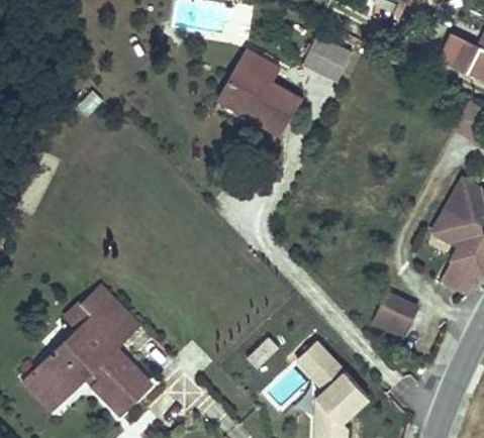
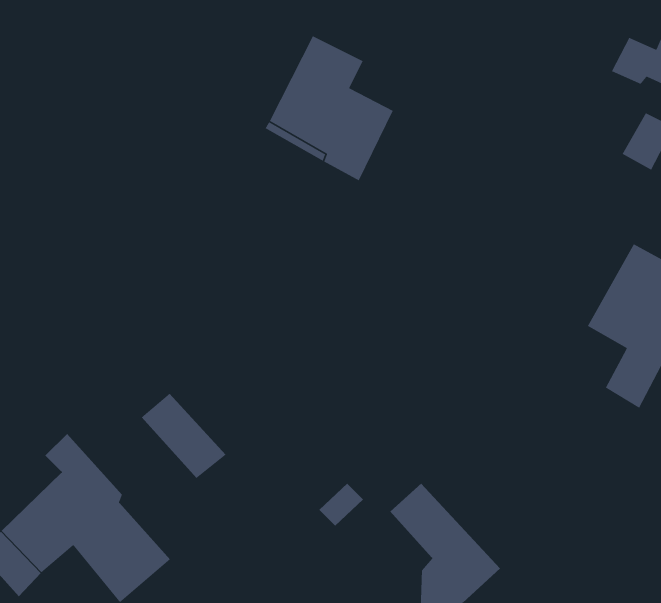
building: [308,31,350,76] -> none
building: [372,286,418,329] -> none
building: [81,290,138,347] -> [141,393,227,479]

